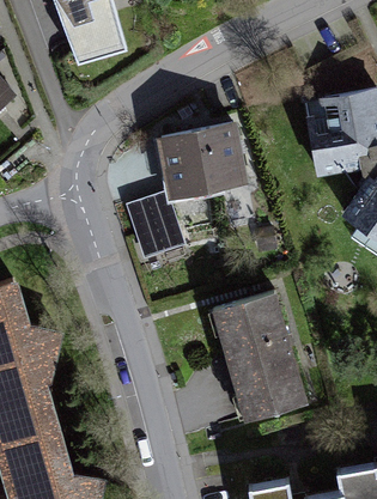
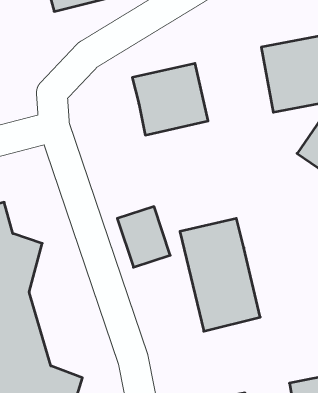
building: [124,185,183,252] -> [117,207,170,267]

